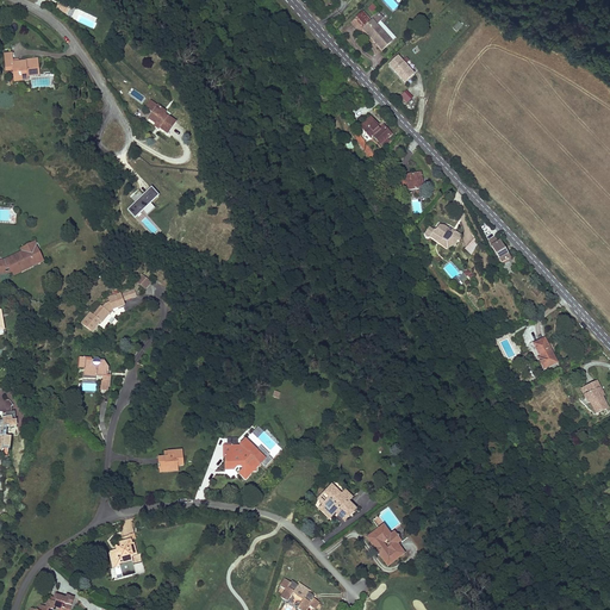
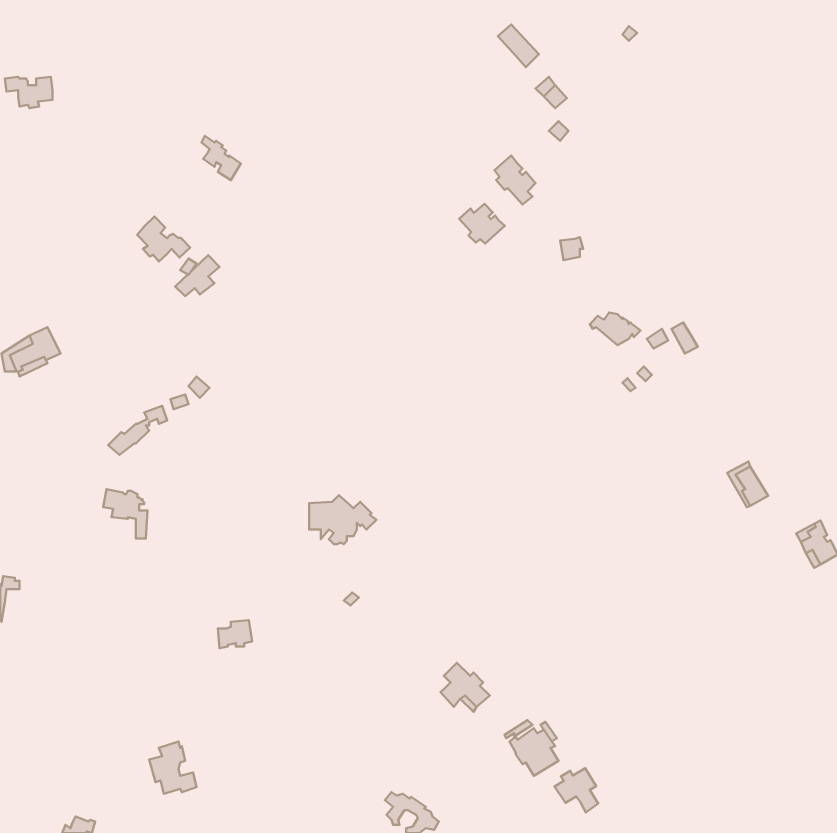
building: none -> [459,204,505,243]
building: none -> [137,217,190,261]
building: [224,436,273,472] -> [309,495,376,544]
building: none -> [555,768,598,812]

